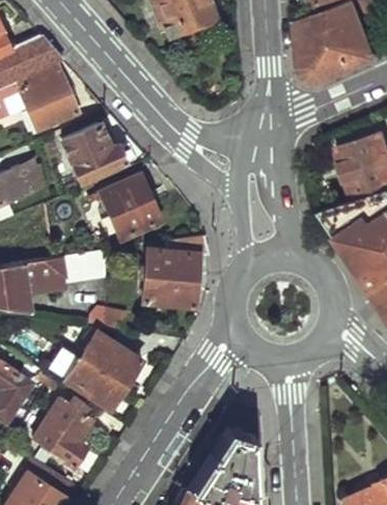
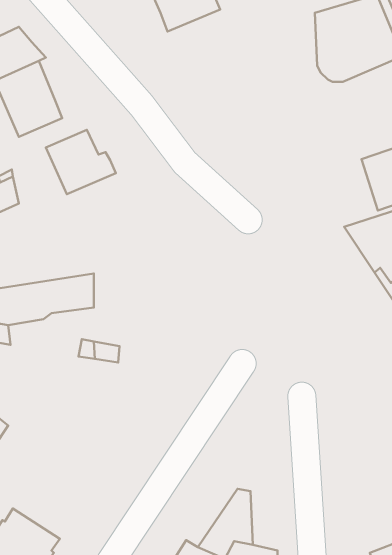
building: [90,175,157,231] -> none
building: [140,234,208,304] -> none
building: [66,333,142,410] -> none
building: [32,399,109,465] -> none

